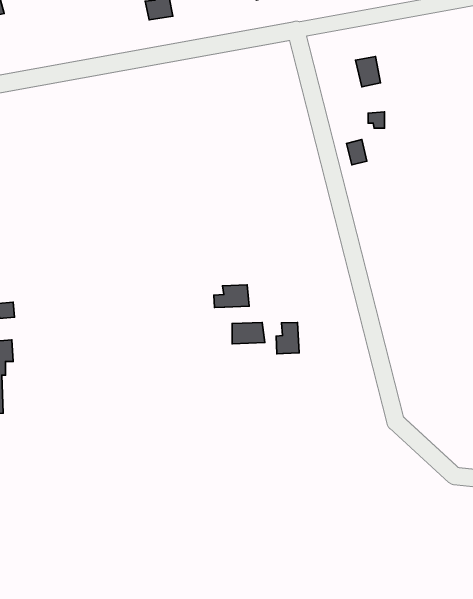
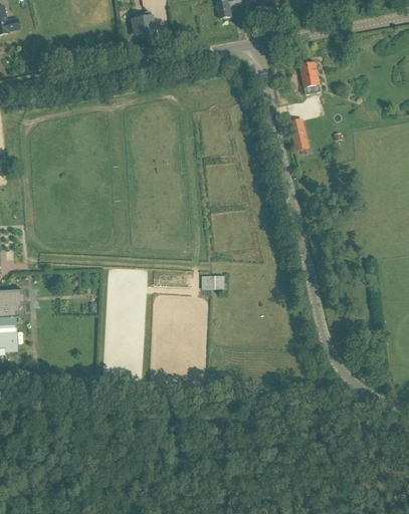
building: [214,285,249,308] -> none
building: [276,323,299,354] -> none

